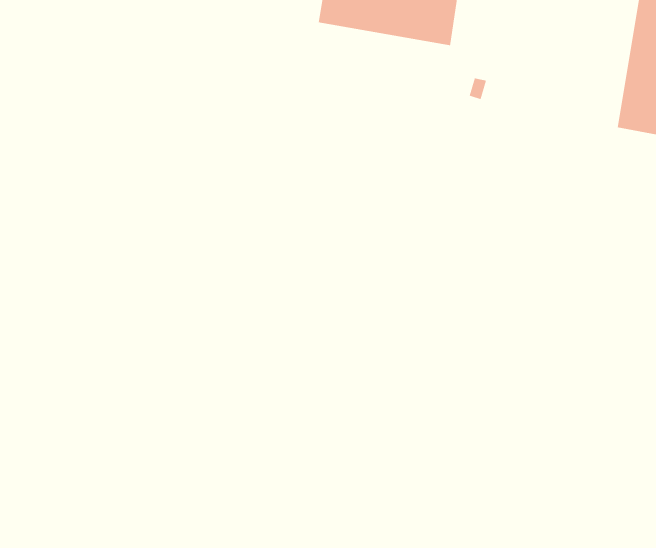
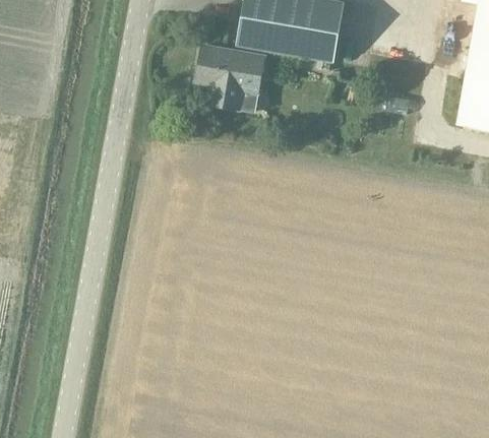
building: none -> [195,45,264,110]

